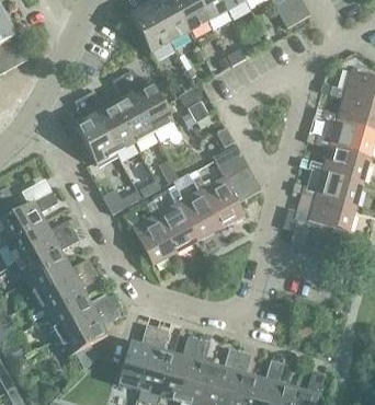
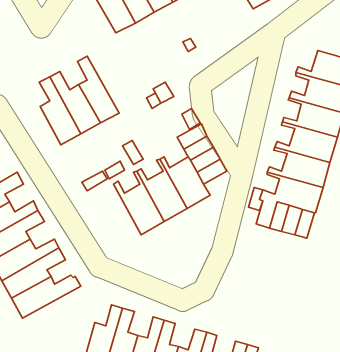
building: [122,70,173,131] -> none
building: [123,202,175,265] -> none
building: [57,304,121,357] -> none

